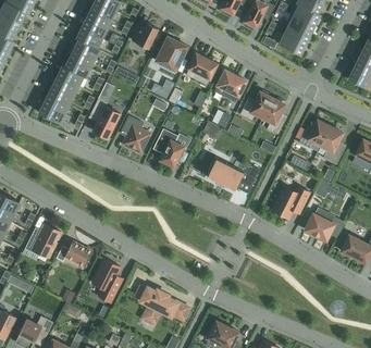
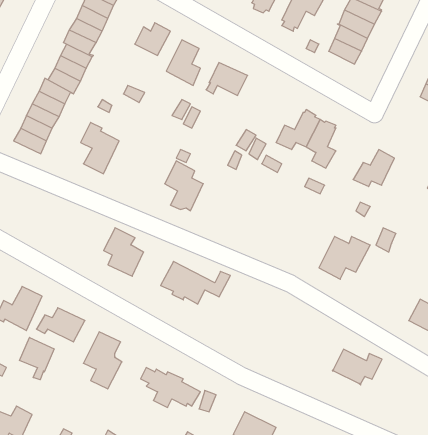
building: [217,70,245,101] -> none
building: [119,115,149,152] -> [104,228,144,276]
building: [319,126,343,164] -> none
building: [206,158,259,190] -> [161,261,230,304]
building: [304,213,342,240] -> [332,349,382,385]
building: none -> [20,337,54,380]

